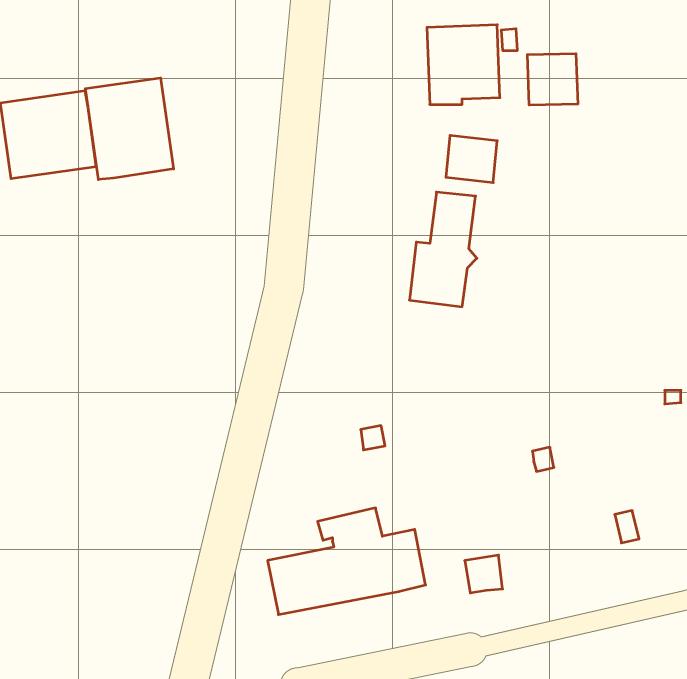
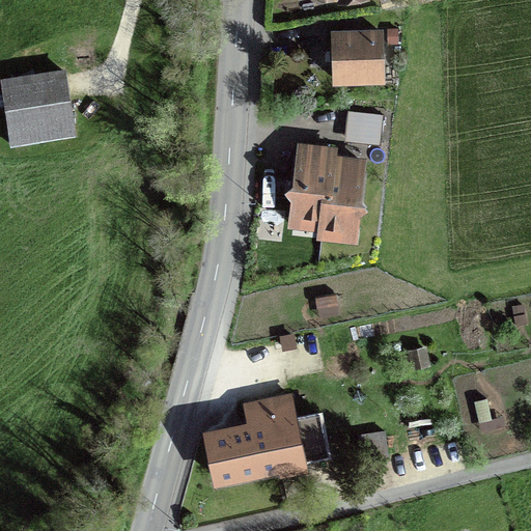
building: [527,54,578,105] -> none
building: [85,78,174,180] -> none
building: none -> [283,140,337,237]

